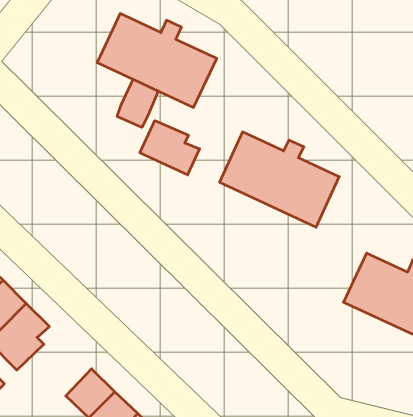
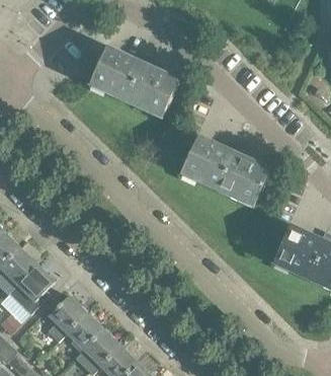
building: [117,79,158,127] -> none
building: [140,121,200,175] -> none
building: none -> [47,295,85,342]

